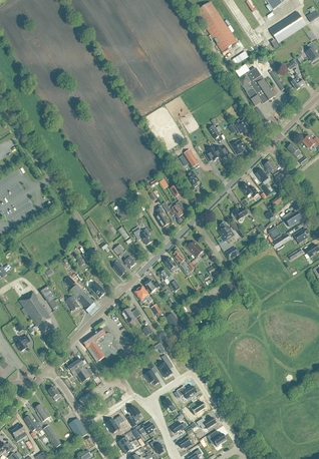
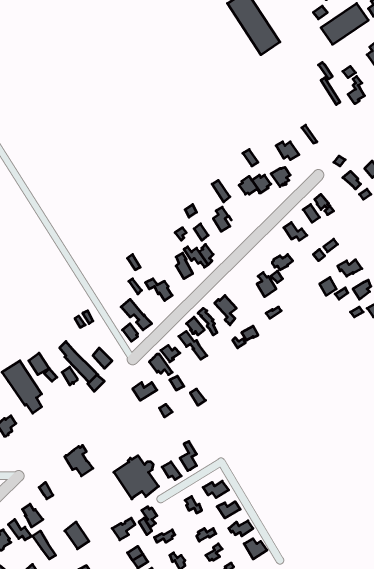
building: [235,63,275,105] -> none
building: [82,328,117,362] -> [114,456,159,499]

